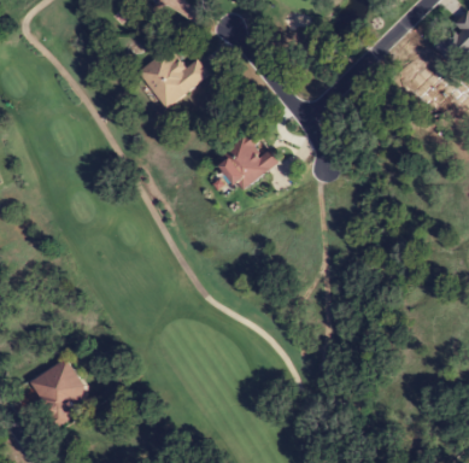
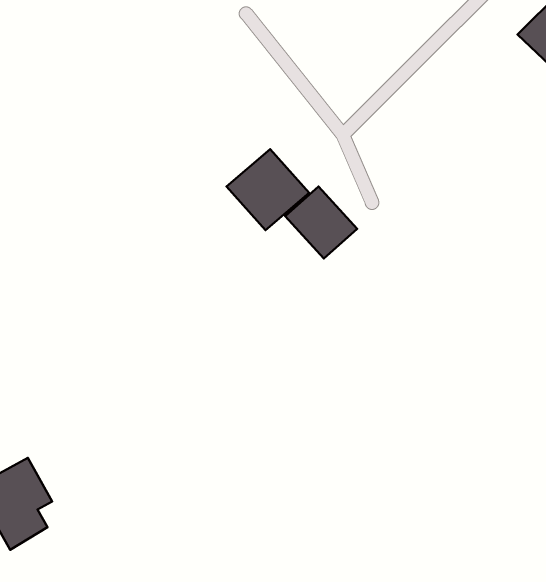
building: [136,48,209,109] -> none
building: none -> [285,187,357,259]

